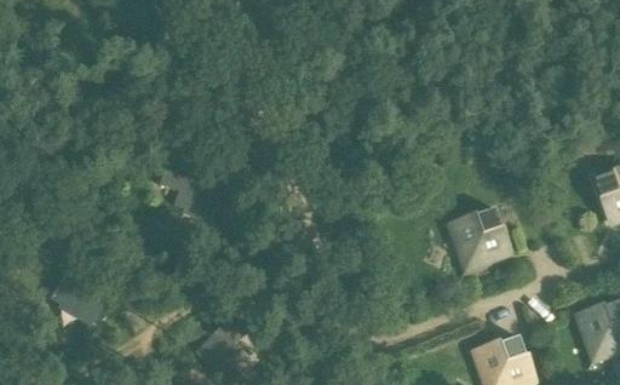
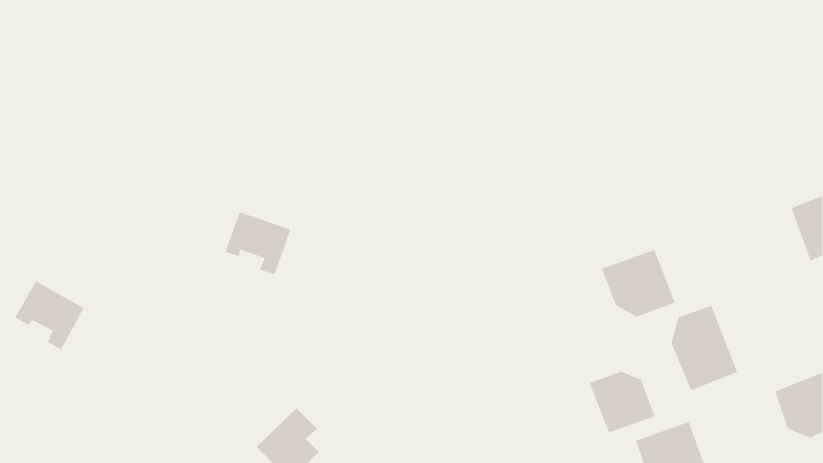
building: none -> [671,305,738,391]
building: [50,277,102,329] -> [14,280,84,350]
building: none -> [589,371,656,433]

